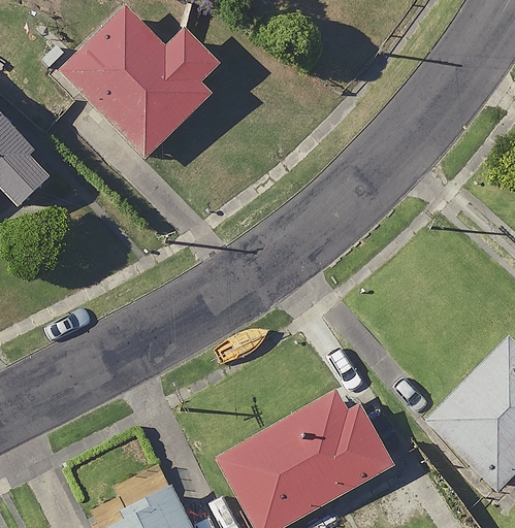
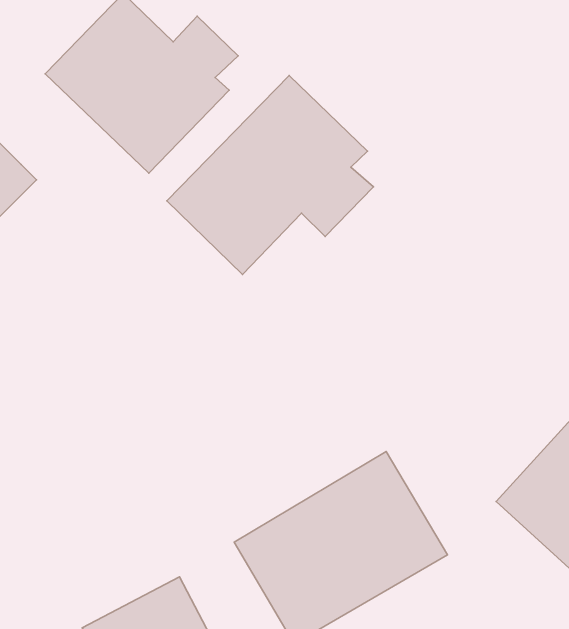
building: none -> [167,75,373,274]

